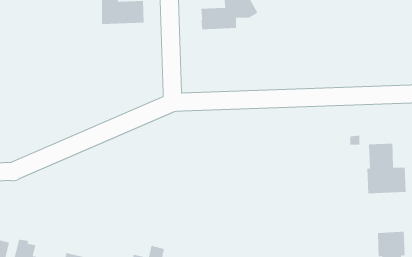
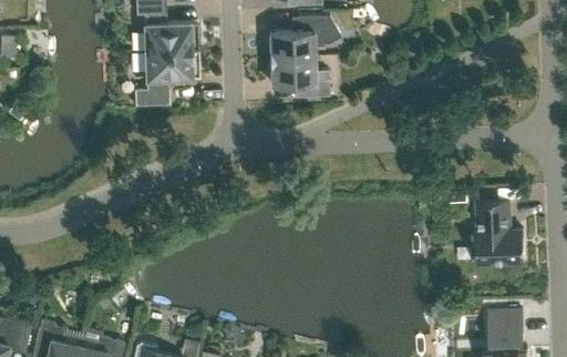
building: none -> [134,50,199,106]
building: none -> [269,57,329,98]

